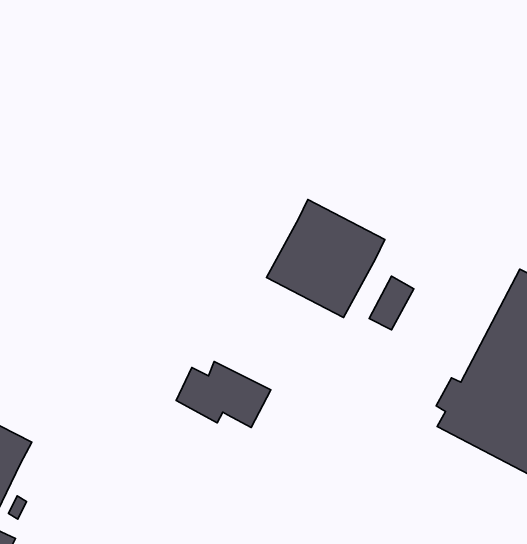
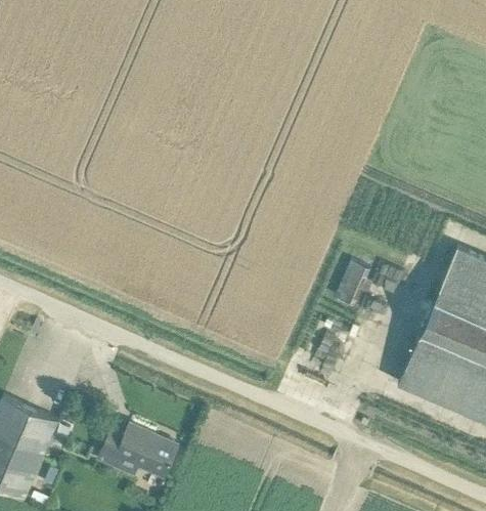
building: [267,199,385,317] -> none
building: [176,362,271,427] -> [99,425,178,478]

